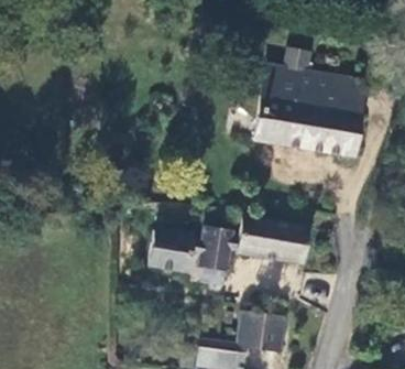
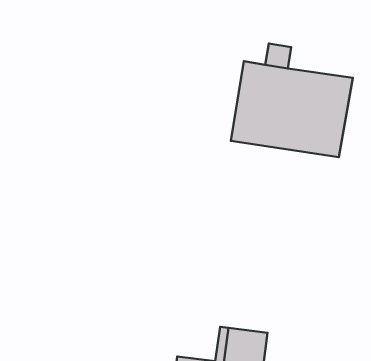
building: [150,218,306,273] -> none

